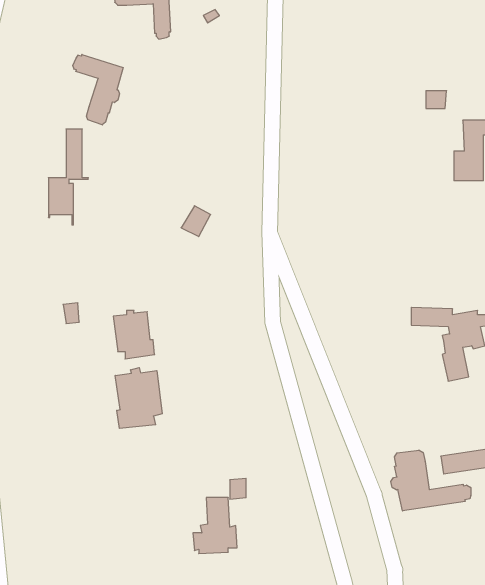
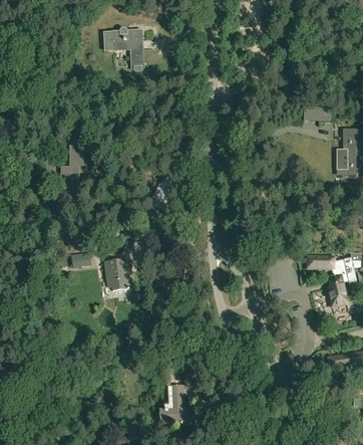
building: [73,54,123,125] -> none
building: [115,368,162,428] -> none
building: [391,450,471,511] -> none

